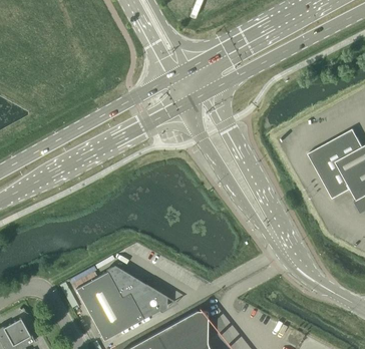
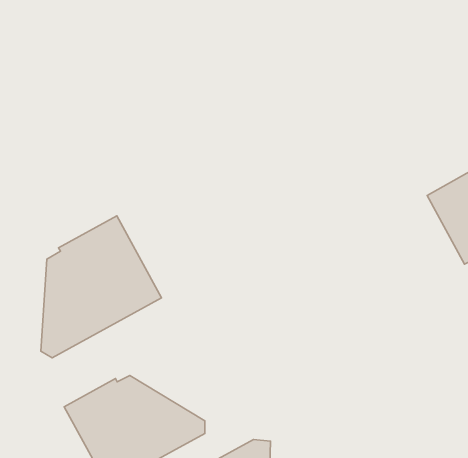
building: none -> [41,216,162,358]

